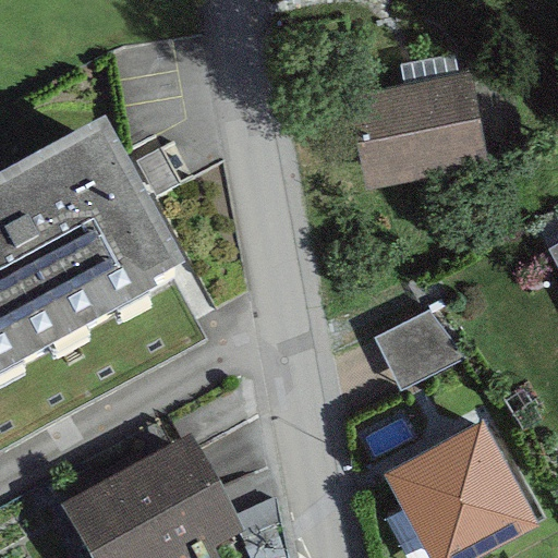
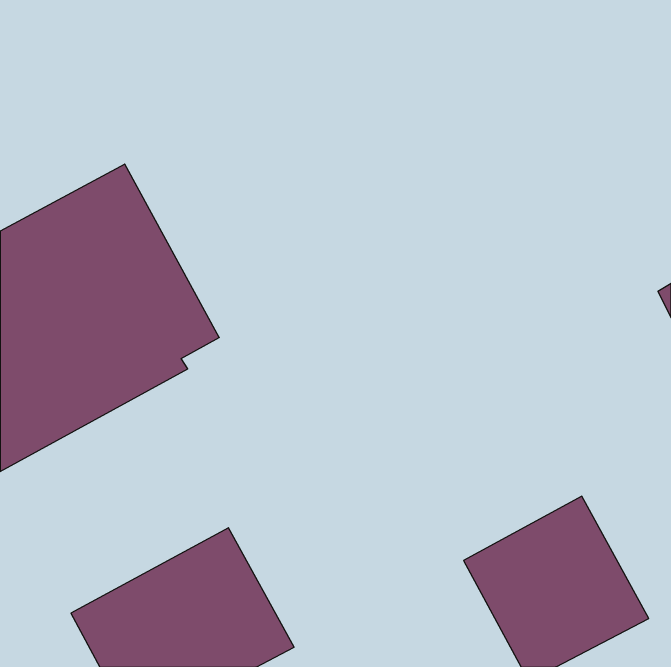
building: [347,65,487,181] -> none
building: [373,306,462,384] -> none

